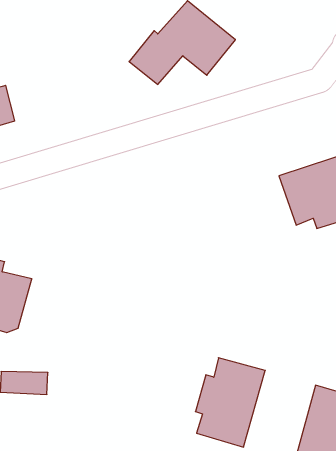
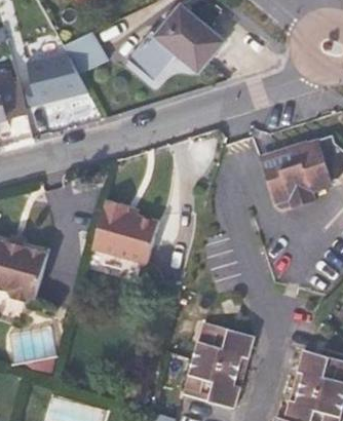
building: none -> [31,45,90,100]
building: none -> [92,200,159,264]

